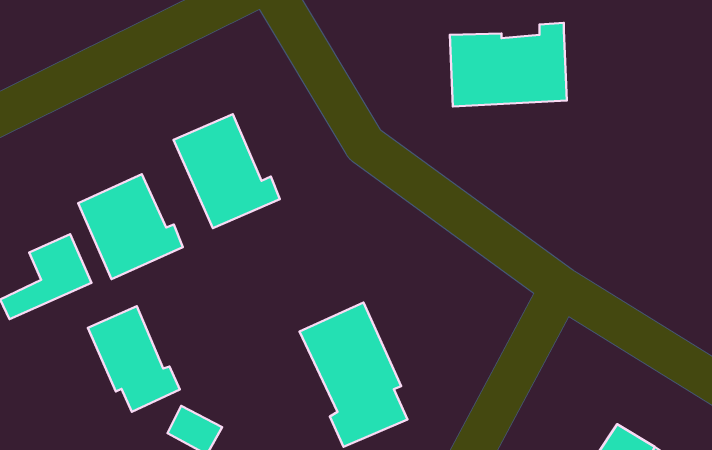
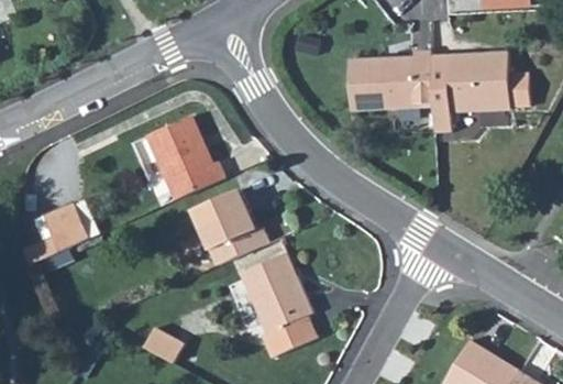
building: none -> [430,51,529,132]
building: [78,174,183,279] -> [191,188,267,264]
building: [88,306,180,412] -> none

